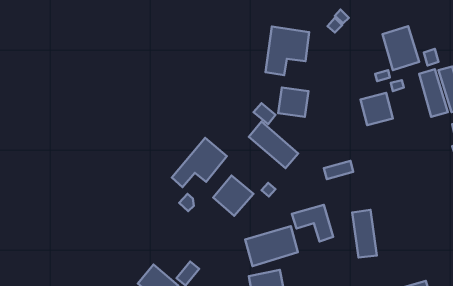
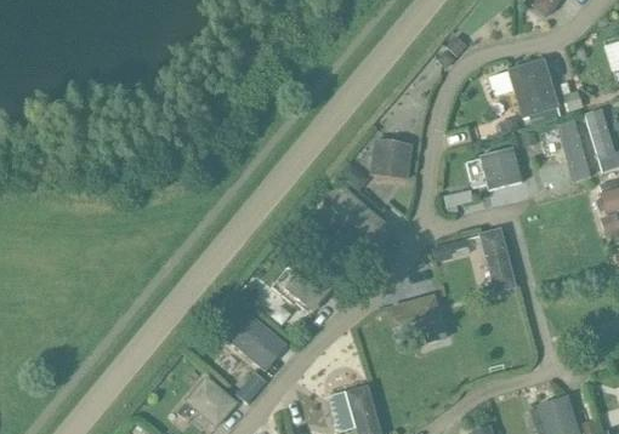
building: [266,27,309,75] -> none
building: [172,138,227,187] -> none
building: [352,210,377,257] -> [482,225,515,289]
building: none -> [231,319,285,372]
building: [245,226,298,266] -> none

